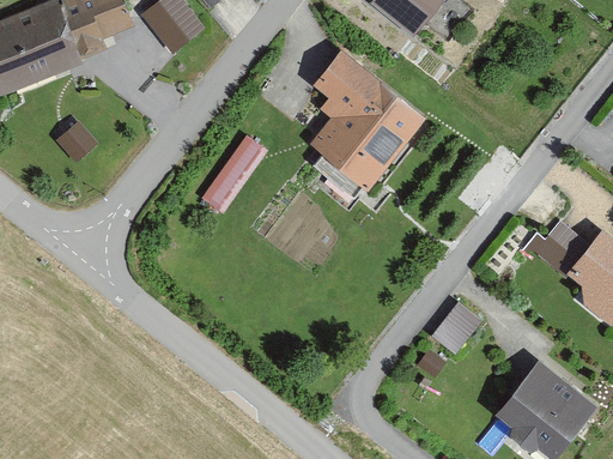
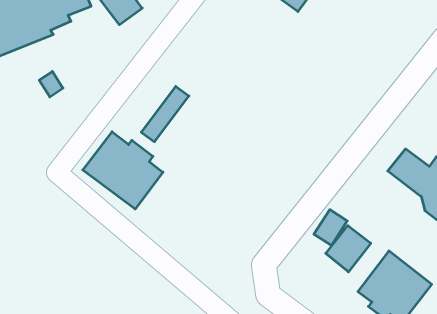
building: [310,49,425,189] -> none
building: none -> [83,132,163,209]
building: none -> [326,226,371,272]

